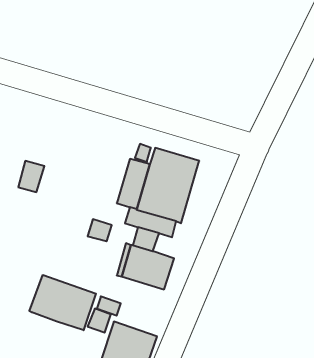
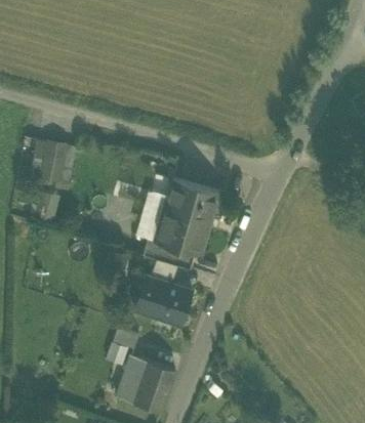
building: none -> [30,138,77,182]
building: [29,275,96,330] -> none

